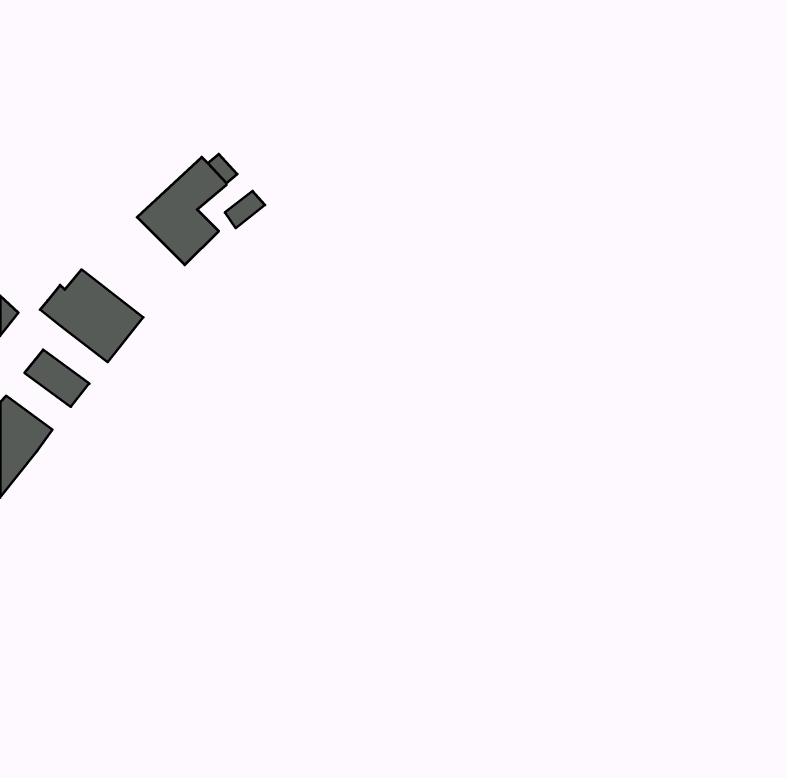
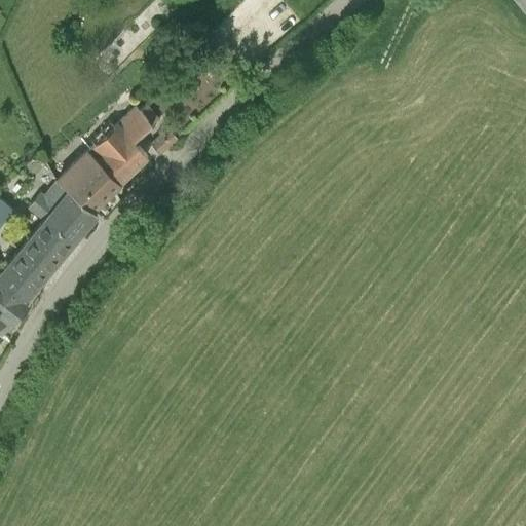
building: none -> [54,151,123,215]
building: none -> [29,224,72,262]
building: none -> [4,255,47,293]

